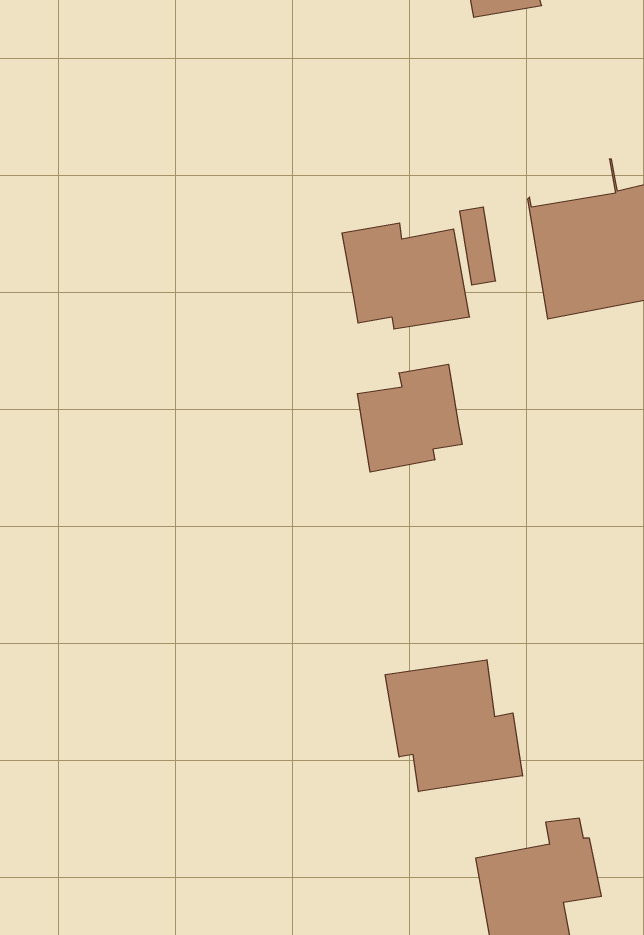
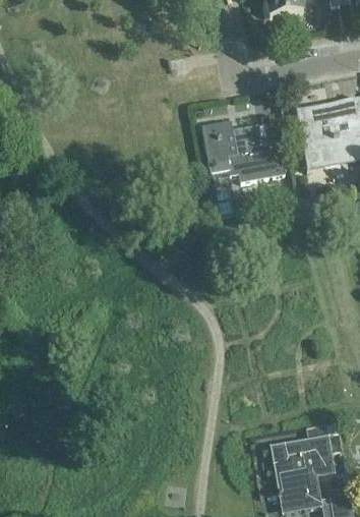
building: [357,364,462,472] -> none
building: [385,660,523,792] -> none

